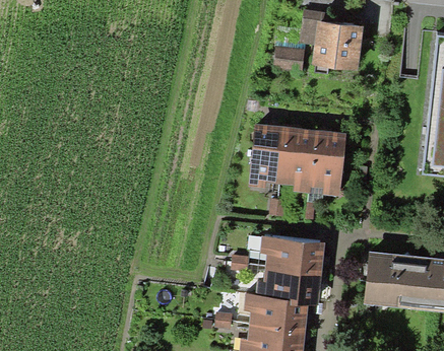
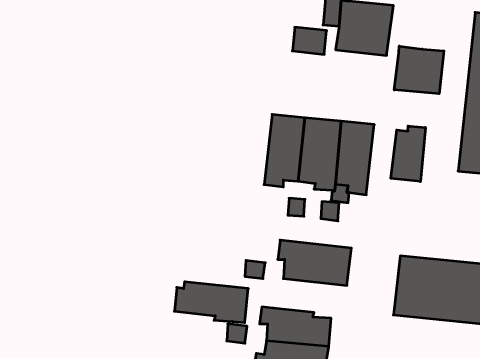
building: none -> [394,46,444,94]
building: none -> [391,126,425,182]
building: [256,271,322,307] -> [174,282,248,323]

